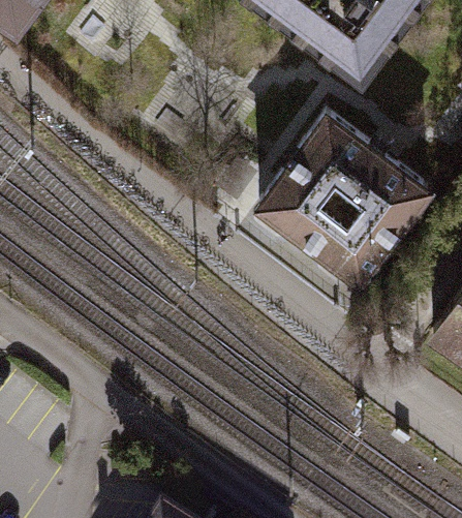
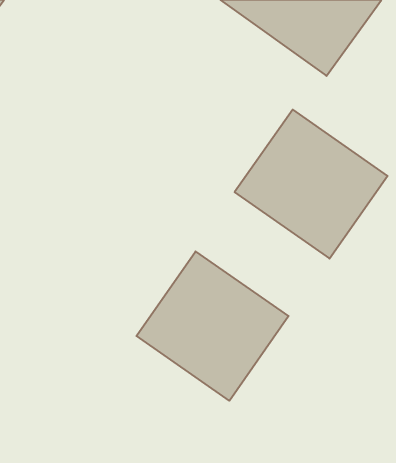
building: none -> [136,251,289,401]

